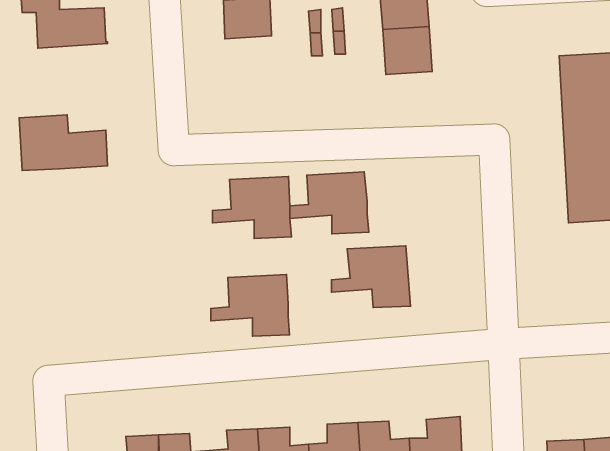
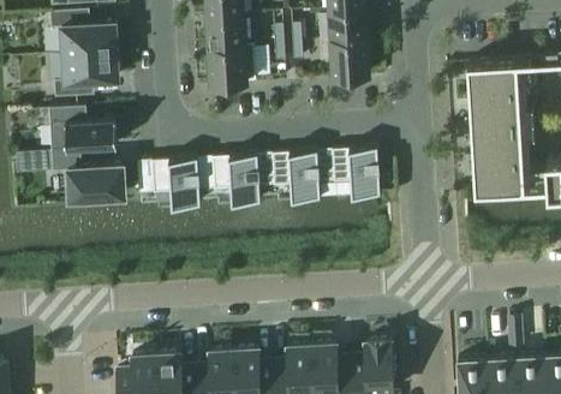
building: none -> [208,44,255,83]
building: none -> [53,52,118,98]
building: none -> [50,149,124,204]
building: [332,246,410,308] -> [318,148,380,196]
building: [211,274,290,336] -> [138,159,199,207]

